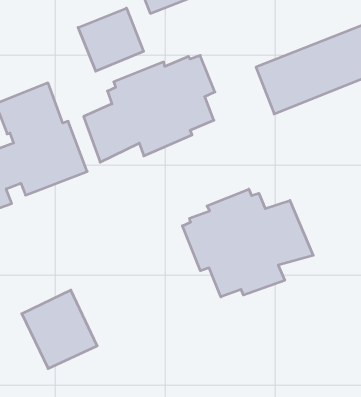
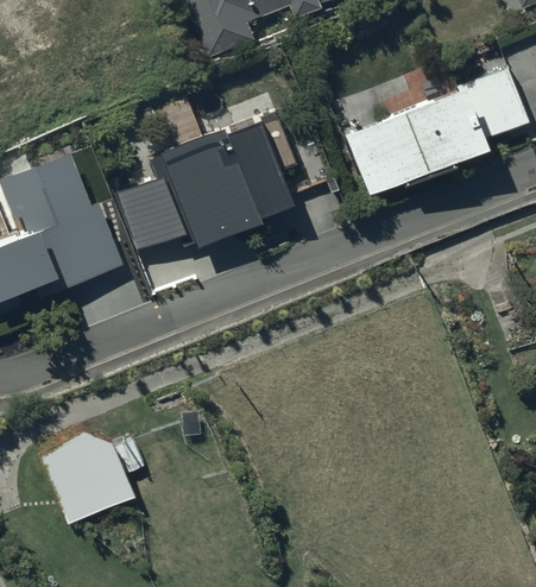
building: [78,8,144,71] -> none
building: [182,189,313,297] -> none

